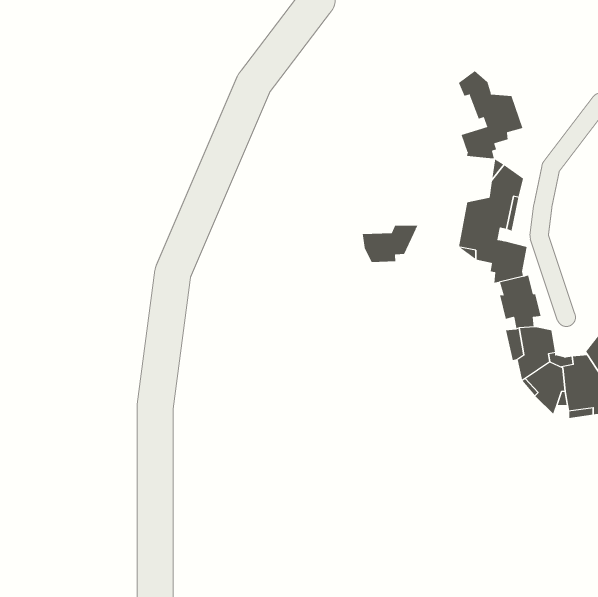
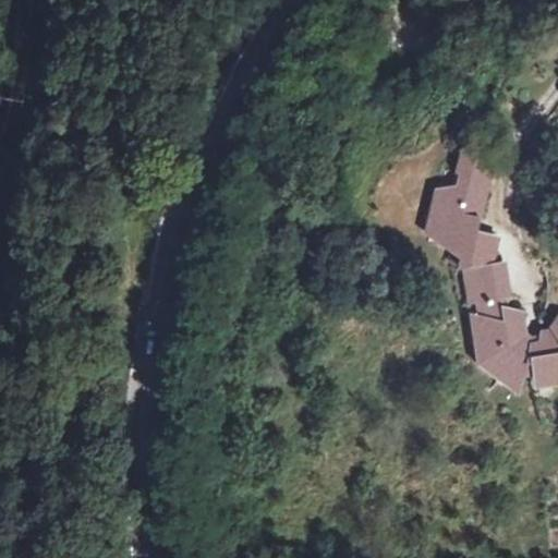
building: [458,70,523,159] -> none
building: [362,225,418,263] -> none

